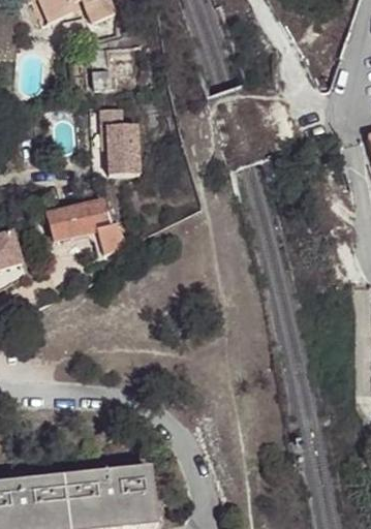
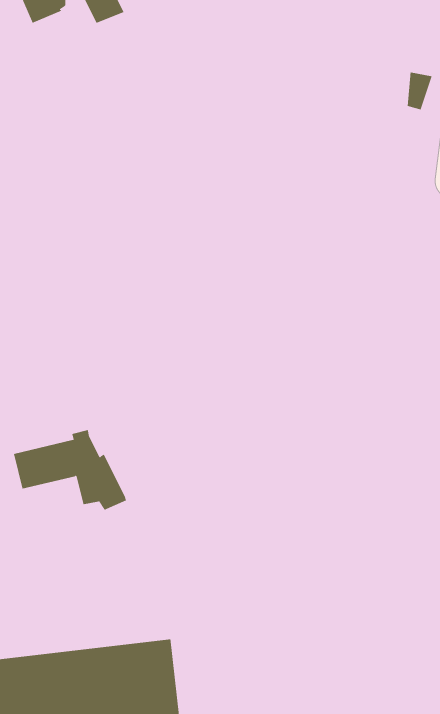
building: [97,115,136,180] -> none
building: [48,194,130,253] -> [13,430,127,510]

